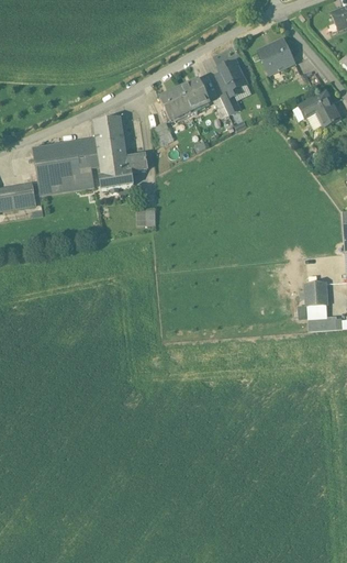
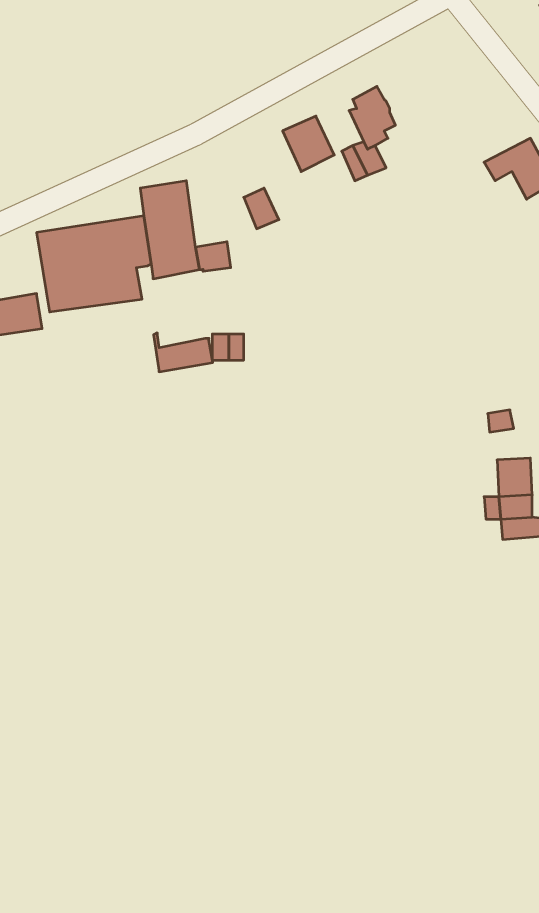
building: [258,40,293,74] -> none
building: [159,87,189,120] -> none
building: [98,166,133,189] -> [154,333,213,372]

